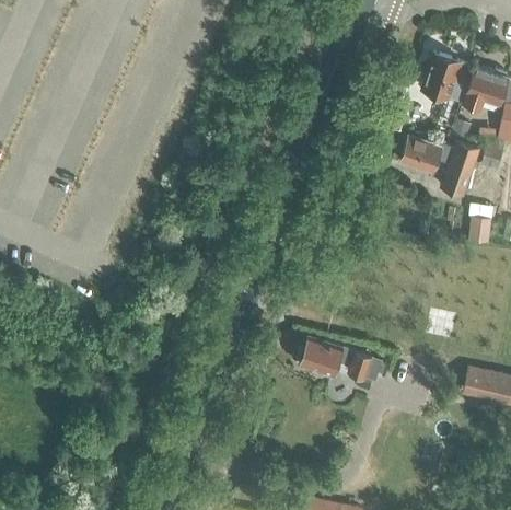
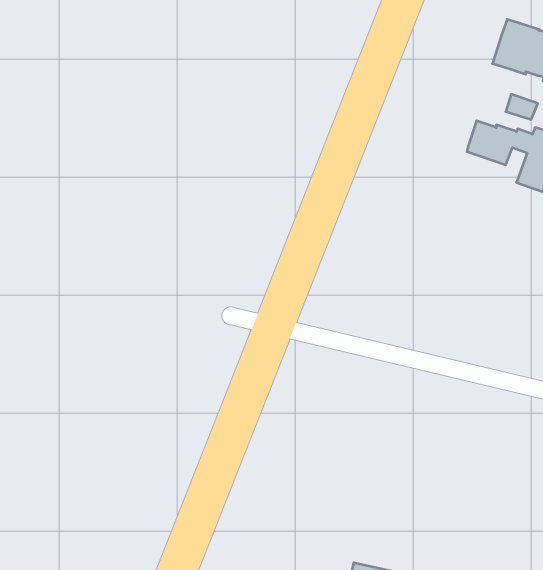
building: [298,340,371,381] -> none

